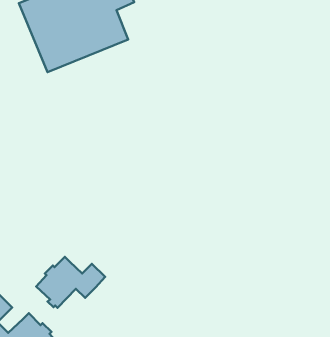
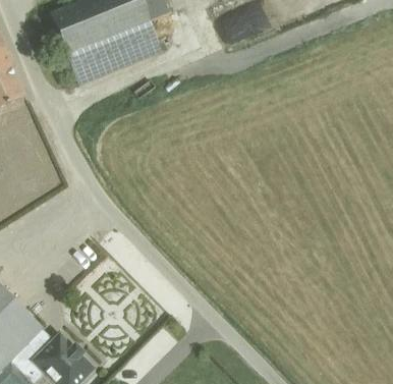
building: [36,257,105,308] -> none

